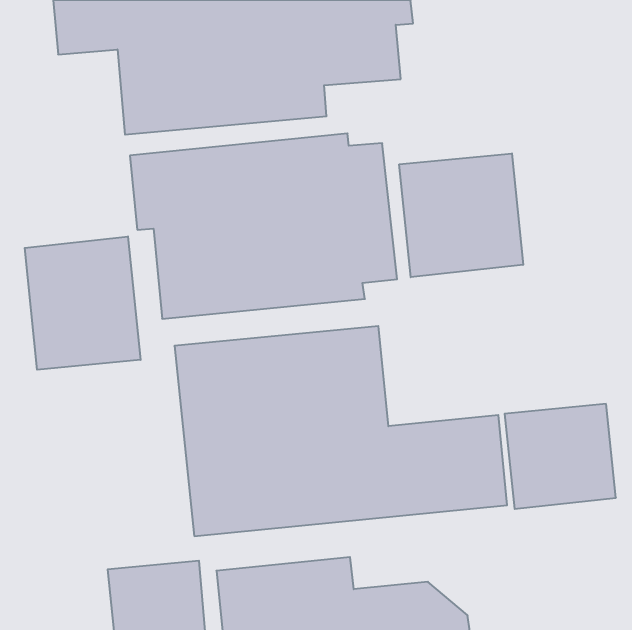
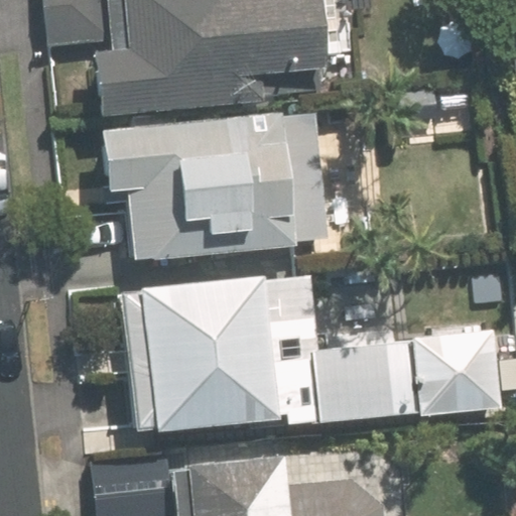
building: [399,153,523,277] -> none
building: [25,236,141,370] -> none

